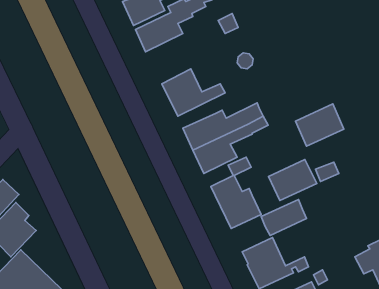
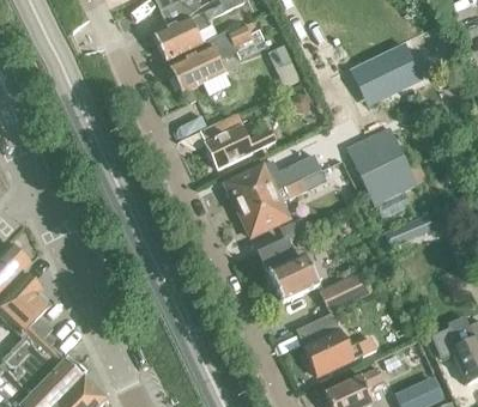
building: none -> [344,49,415,109]
building: [269,159,317,201] -> [346,126,404,175]

